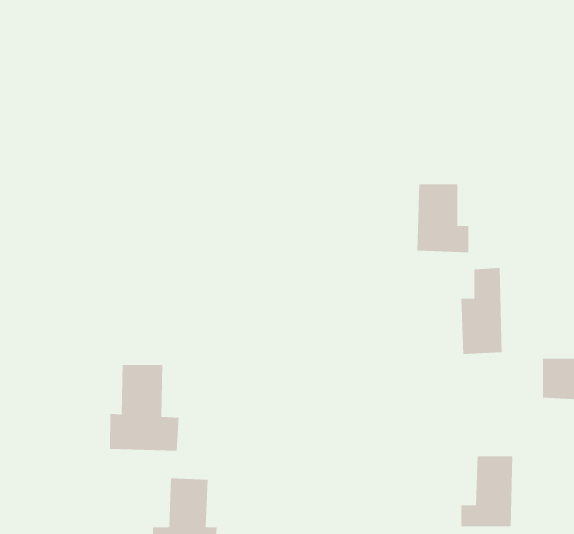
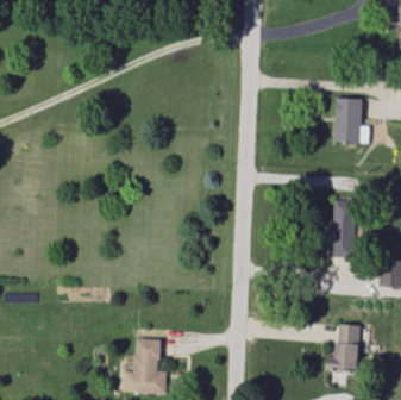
building: [417,184,469,253] -> [333,98,368,143]
building: [110,364,179,451] -> none

